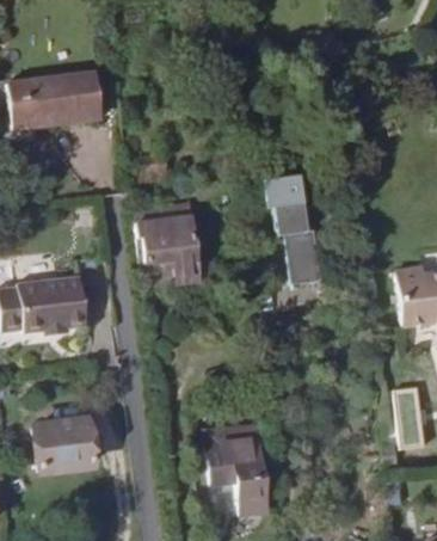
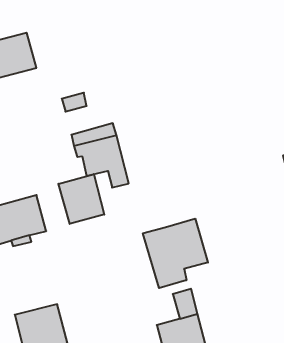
building: [270,171,328,277] -> none
building: none -> [58,174,104,224]
building: none -> [143,219,208,288]

